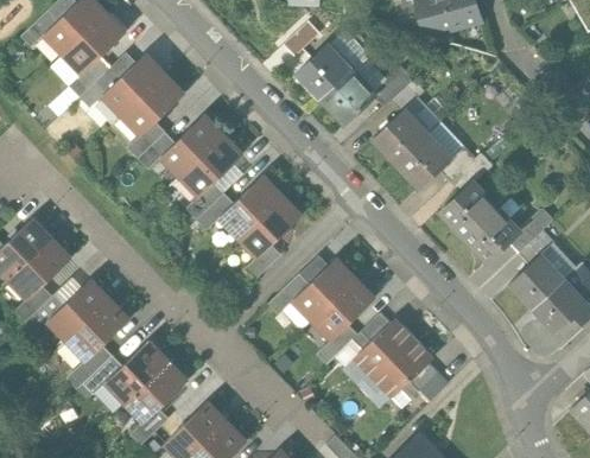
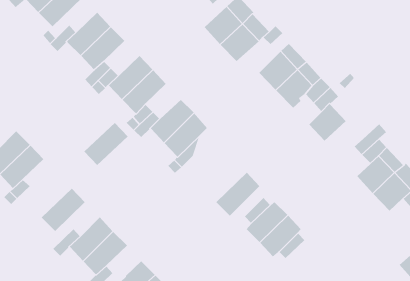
building: [464,206,518,260] -> none
building: [292,257,355,320] -> none
building: [46,280,109,342] -> [84,122,128,166]

